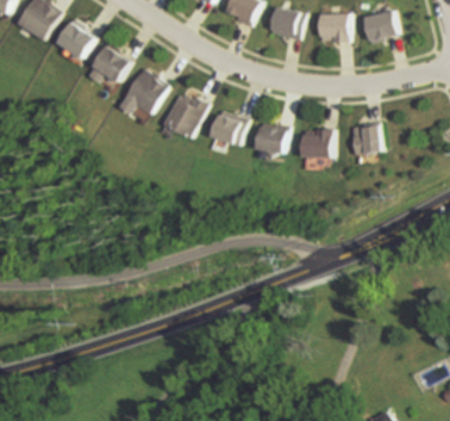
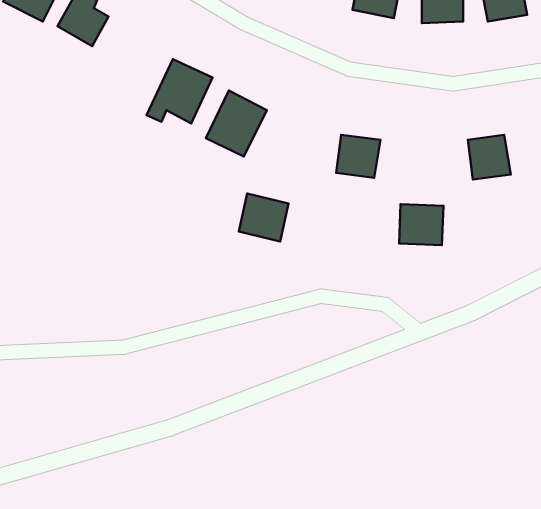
building: [87,45,130,82] -> none
building: [212,111,248,146] -> [239,194,288,241]
building: [302,129,335,159] -> [399,204,444,245]

